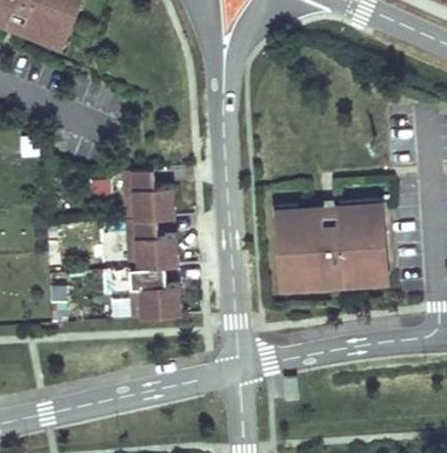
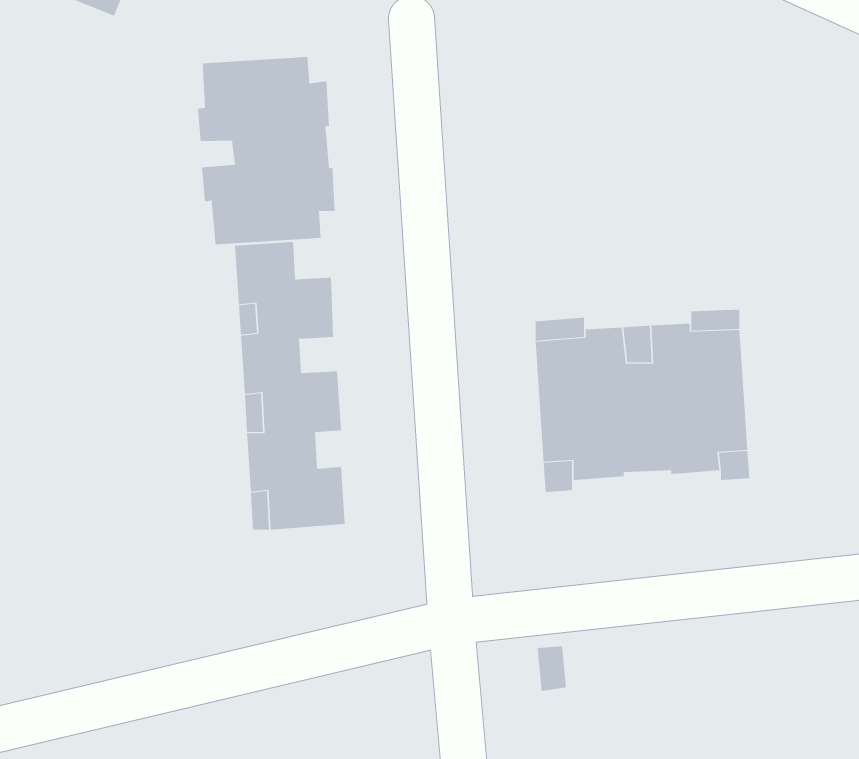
building: none -> [198,56,335,245]

